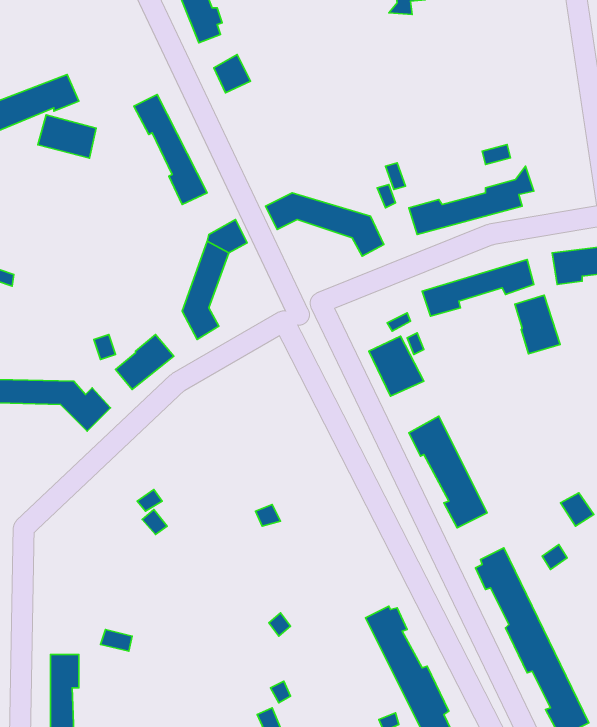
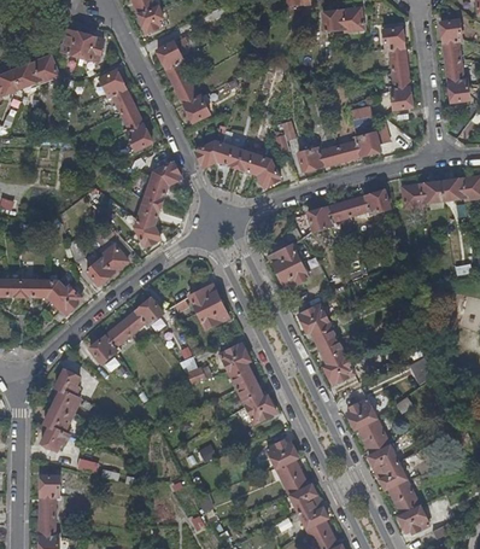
building: none -> [322,7,363,37]
building: none -> [381,28,412,110]
building: none -> [165,60,210,122]
building: [38,115,96,158] -> [62,29,104,60]
building: [515,295,560,354] -> none
building: none -> [188,284,228,329]
building: none -> [88,297,163,362]
building: none -> [219,343,275,422]
building: none -> [41,368,80,450]

